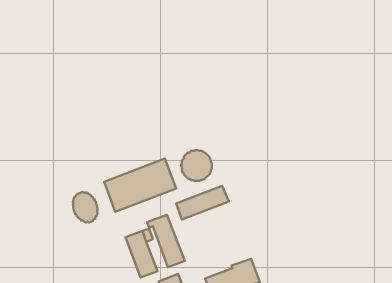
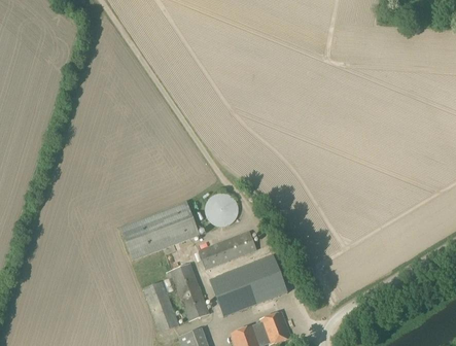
building: [73,192,98,223] -> none
building: none -> [211,257,287,316]

